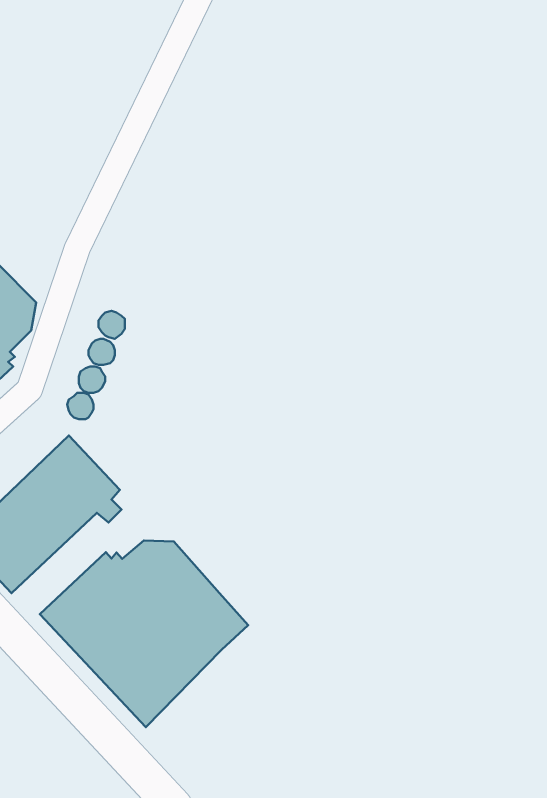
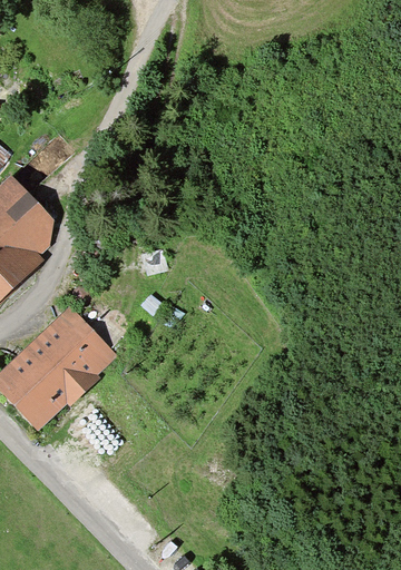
building: [40,541,248,727] -> none

